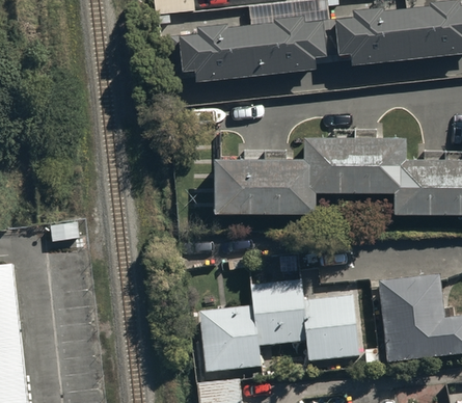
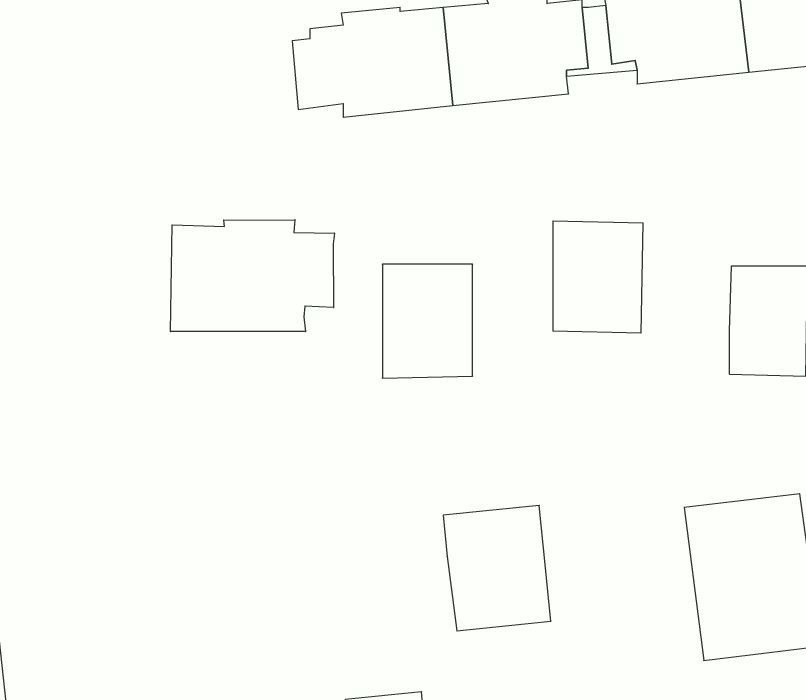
building: none -> [170,220,334,332]
building: [357,132,405,190] -> none
building: [268,154,310,213] -> none
building: [305,297,361,362] -> none
building: [199,308,263,374] -> none

